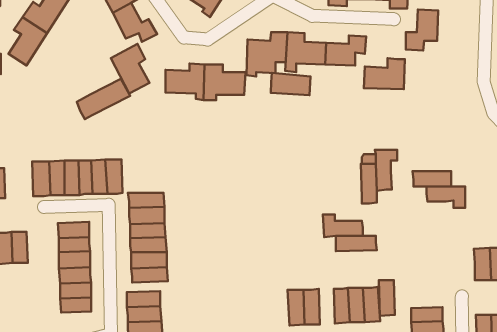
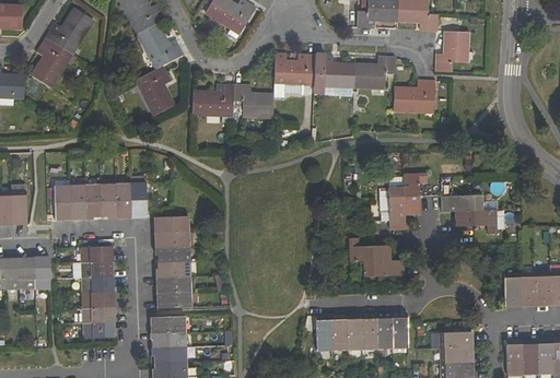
building: [271,73,310,95] -> none
building: [77,79,130,119] -> none
building: [379,280,395,316] -> [346,314,362,350]

